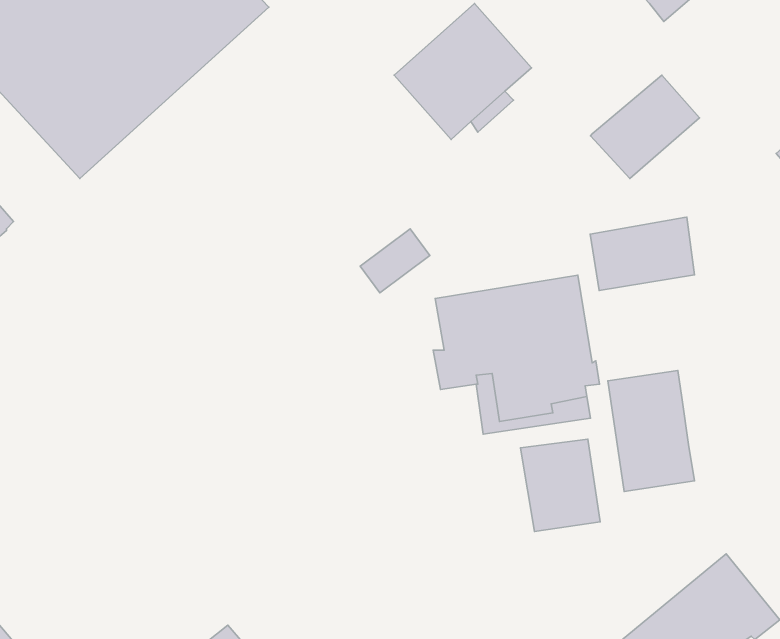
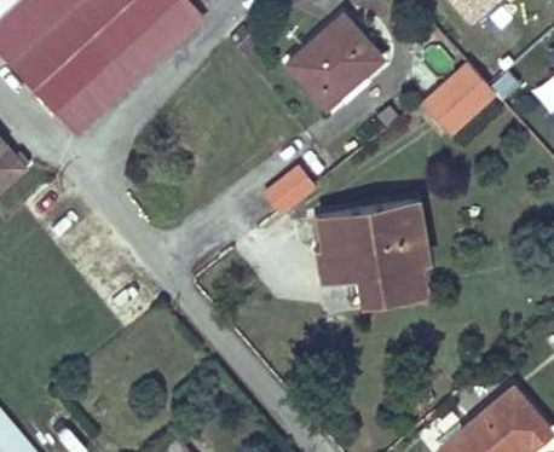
building: [590,217,695,290] -> none
building: [608,370,694,491] -> none
building: [521,439,600,532] -> none

